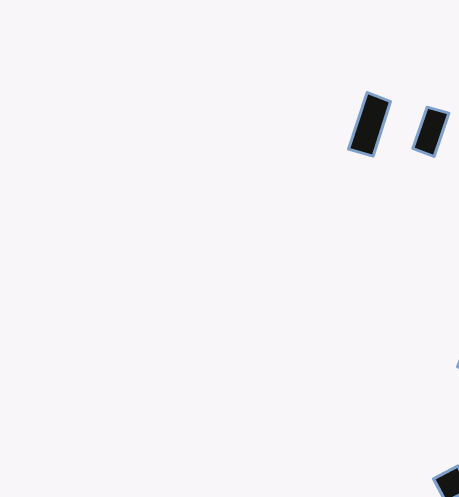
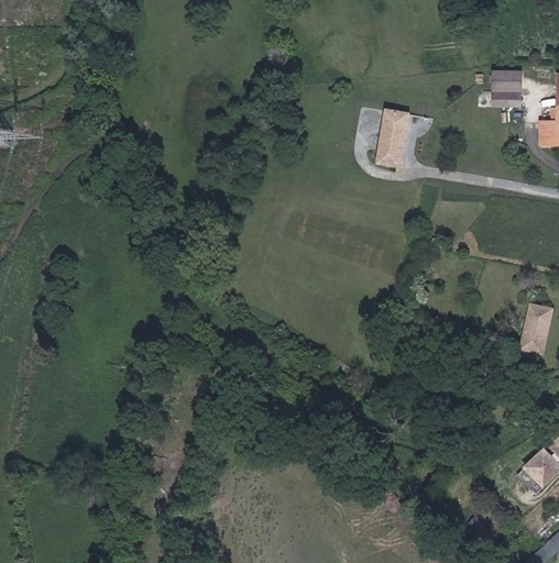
building: [413,107,449,156] -> none

